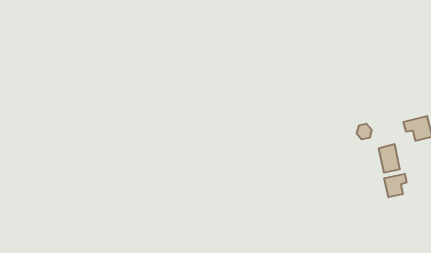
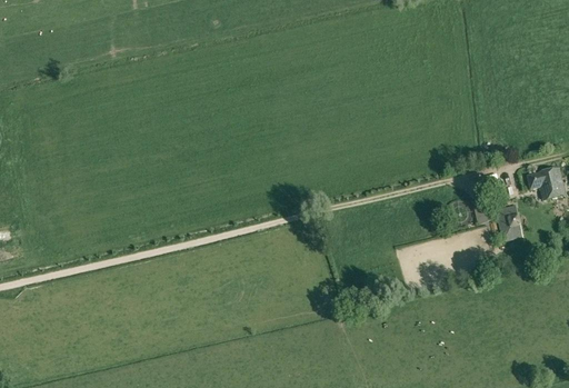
building: [384,174,406,197] -> none

